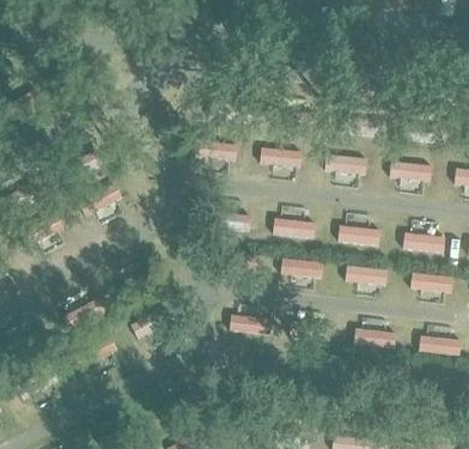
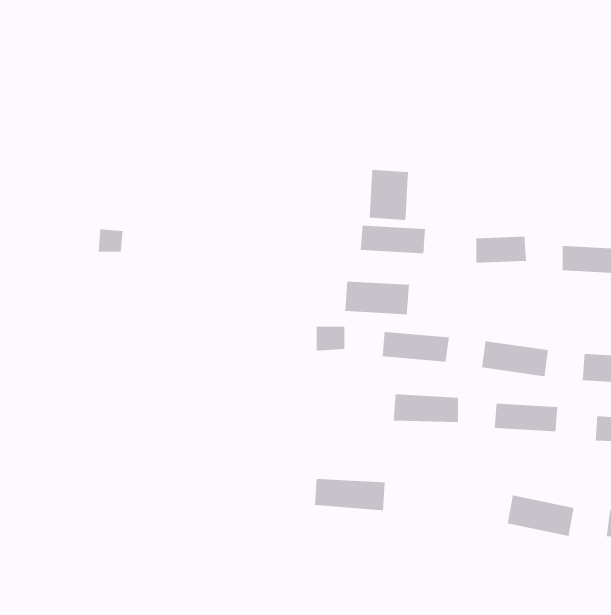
building: none -> [369,169,409,221]
building: none -> [344,281,410,315]

